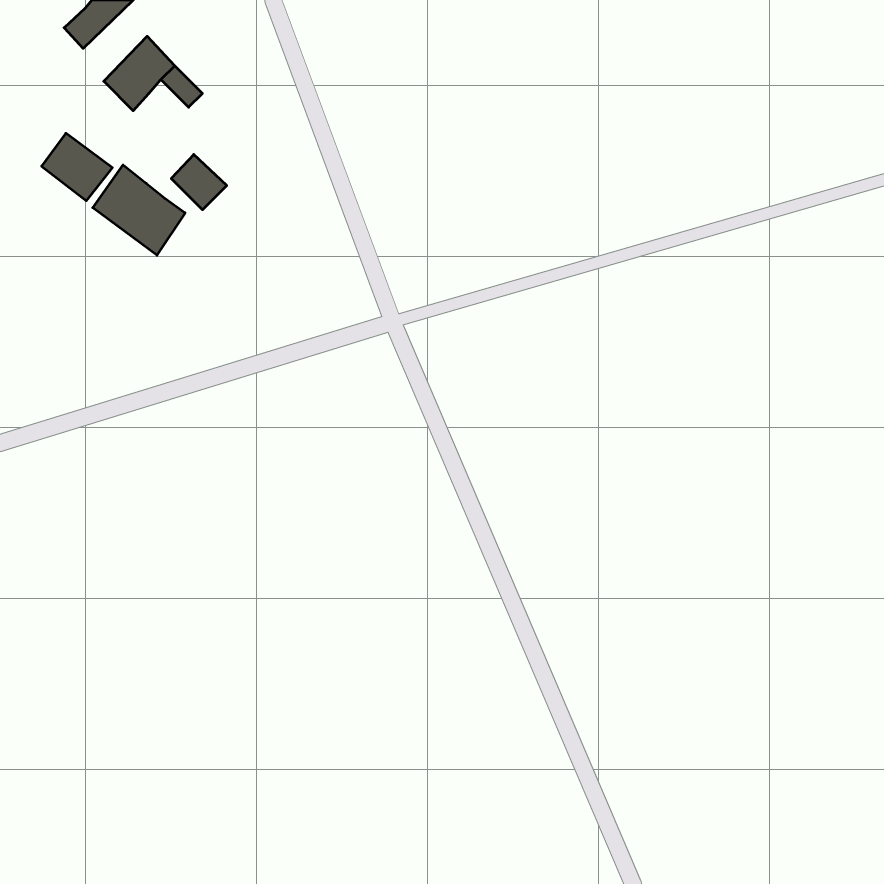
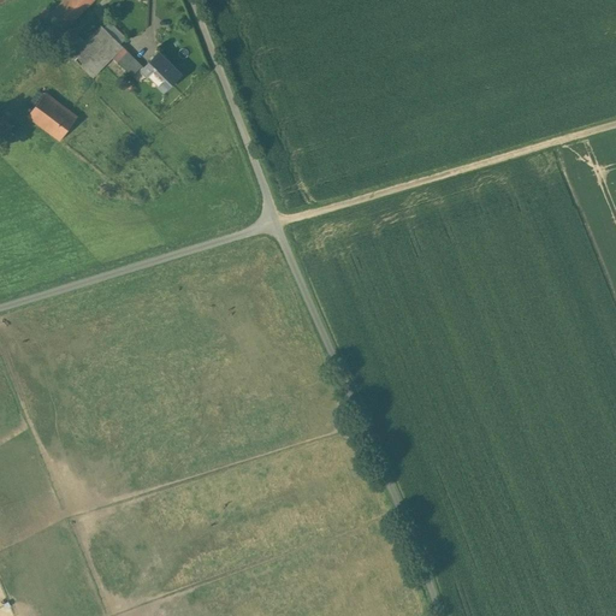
building: [171,154,227,210] -> [142,52,180,90]
building: [93,165,185,255] -> none

